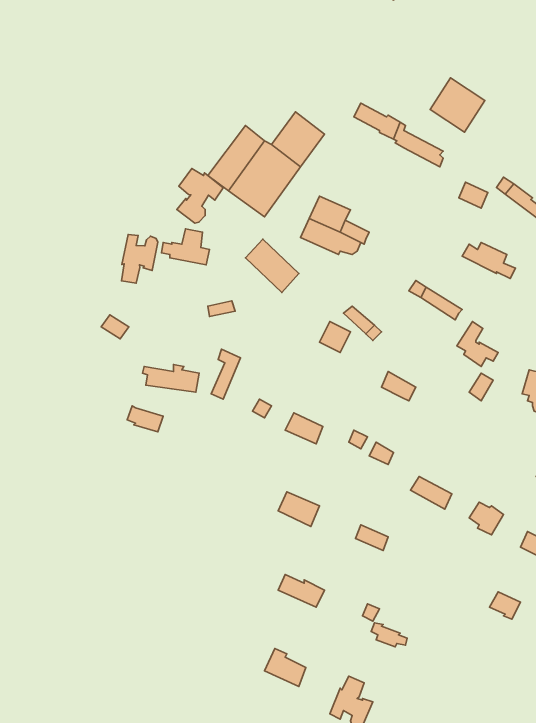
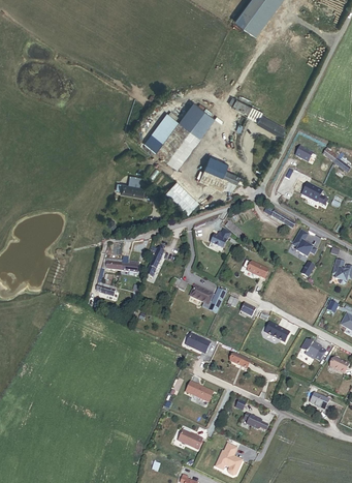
building: [430,78,485,132] -> none
building: [177,168,223,223] -> none
building: [122,234,158,283] -> none

